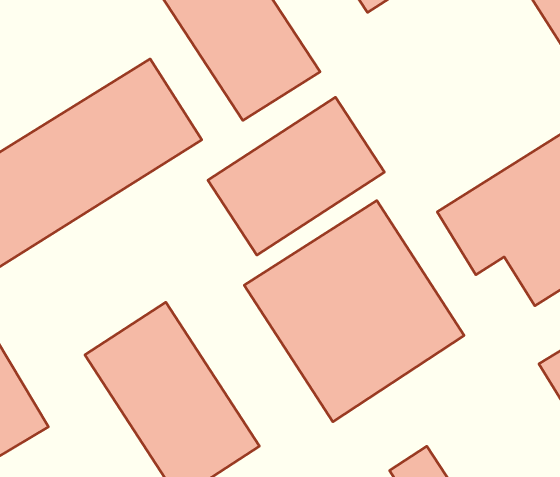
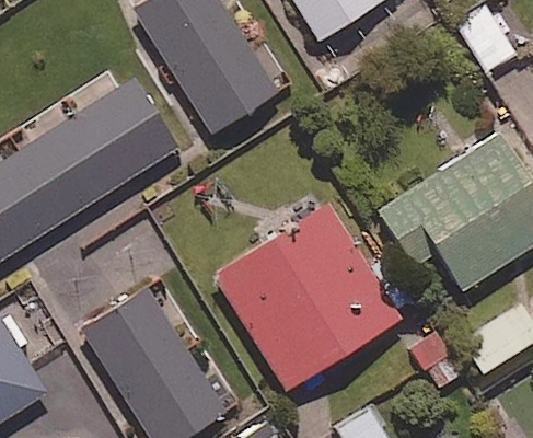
building: [208,97,385,255] -> none

